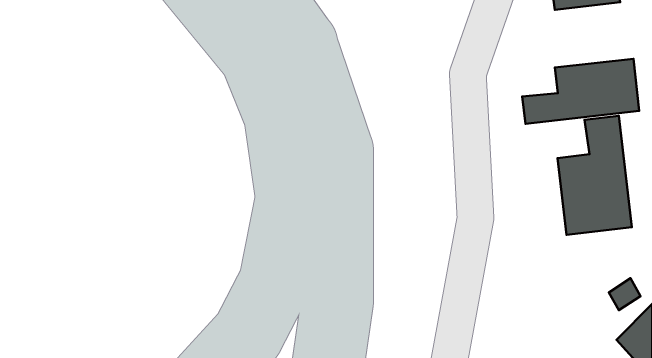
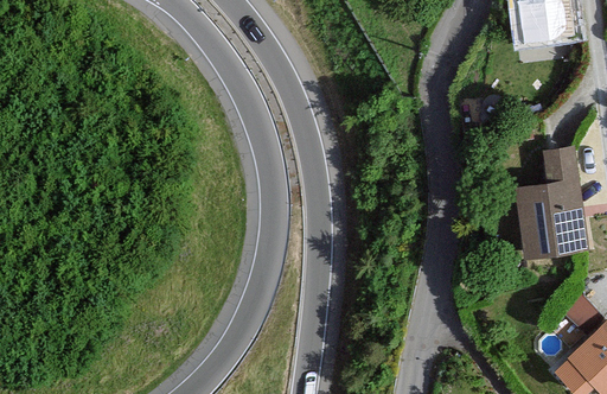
building: [522,59,639,124] -> none

